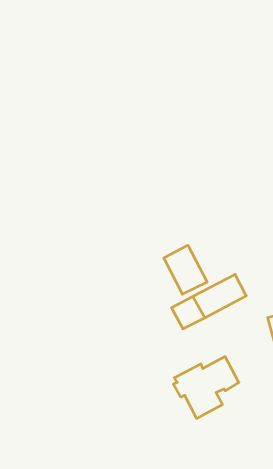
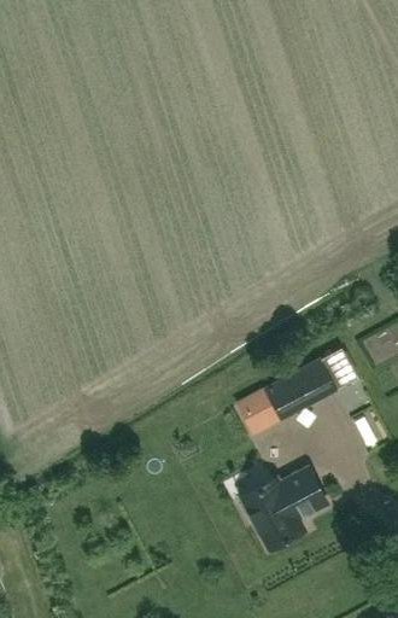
building: [164,245,207,294] -> none

